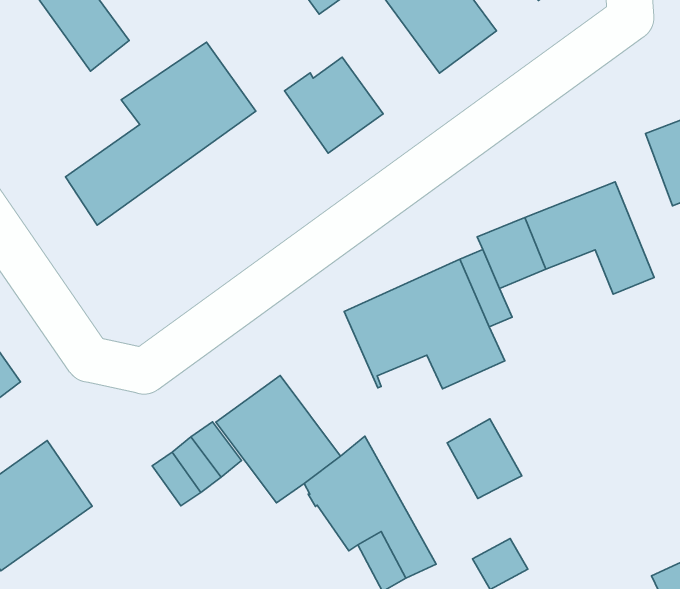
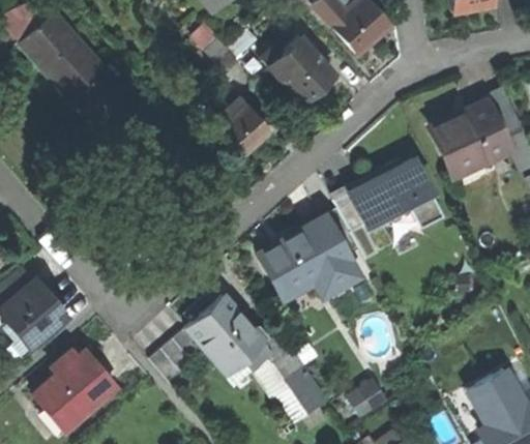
building: [66,42,256,225] -> none
building: [447,419,522,499] -> none

